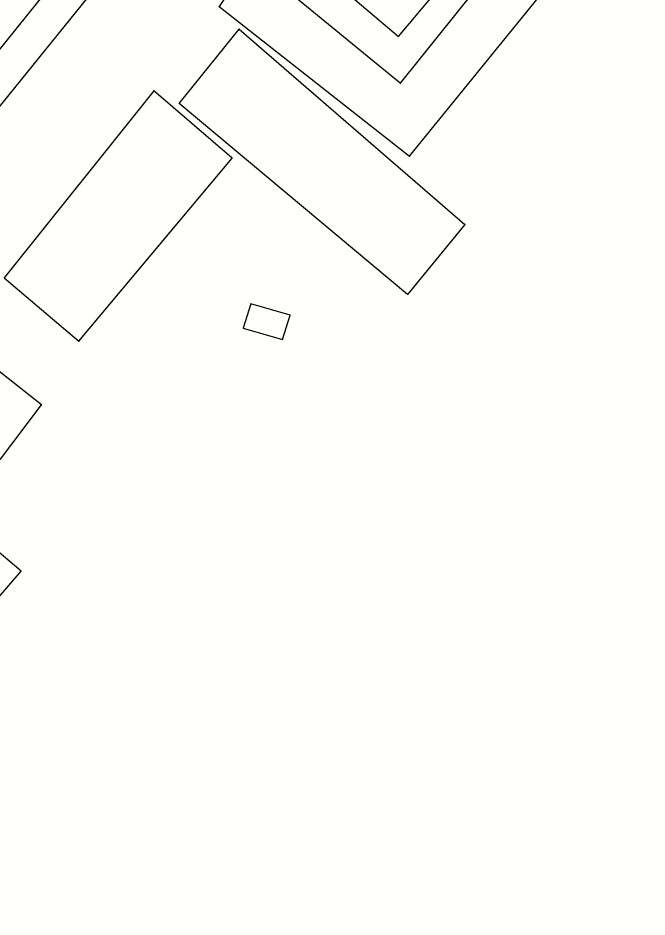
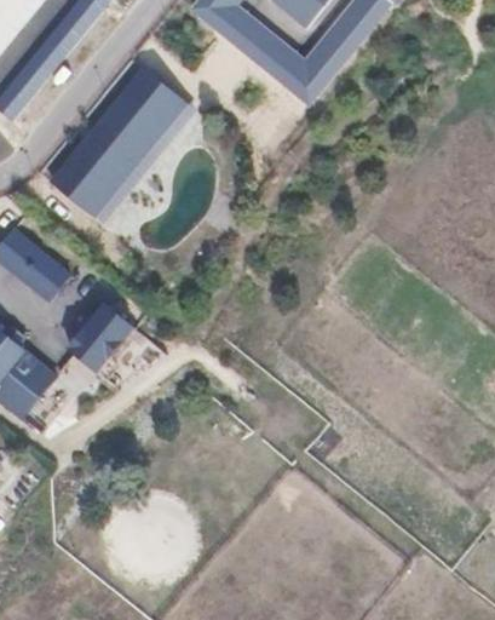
building: [179,29,465,294] -> none
building: none -> [69,300,137,373]

